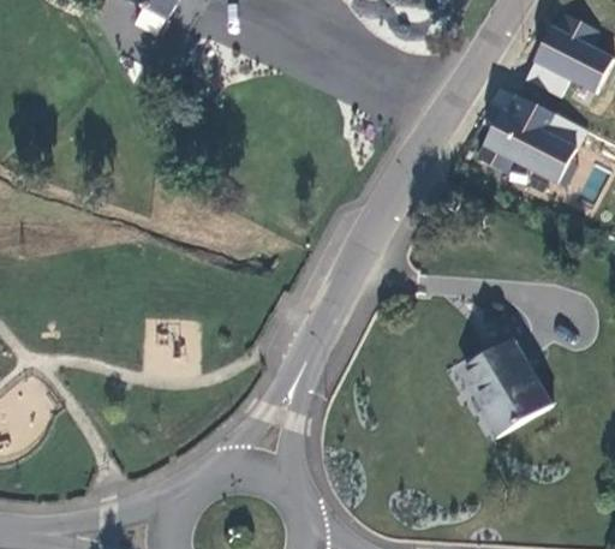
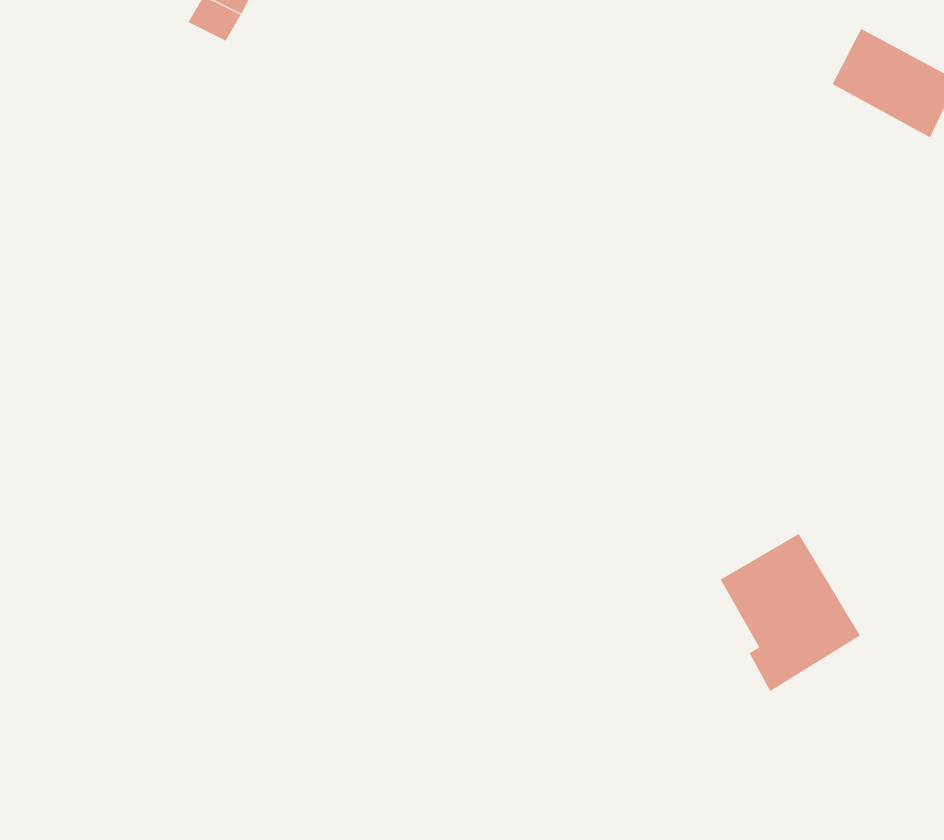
building: [485,93,583,181] -> none

